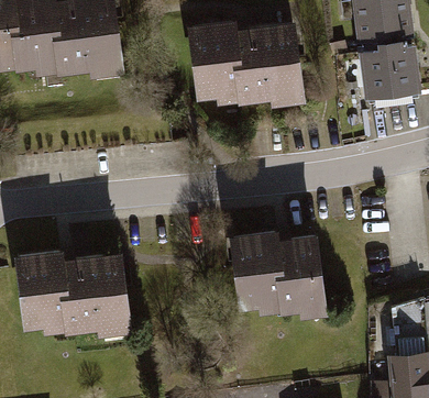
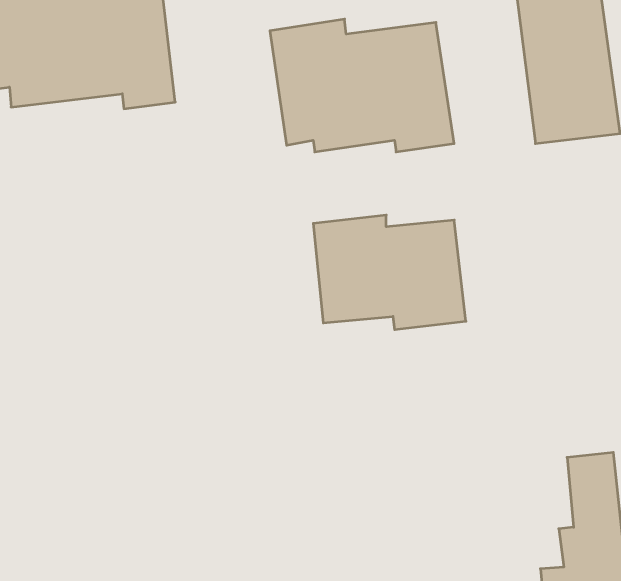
building: [221,236,322,312] -> [313,215,466,330]
building: [18,253,129,331] -> none

